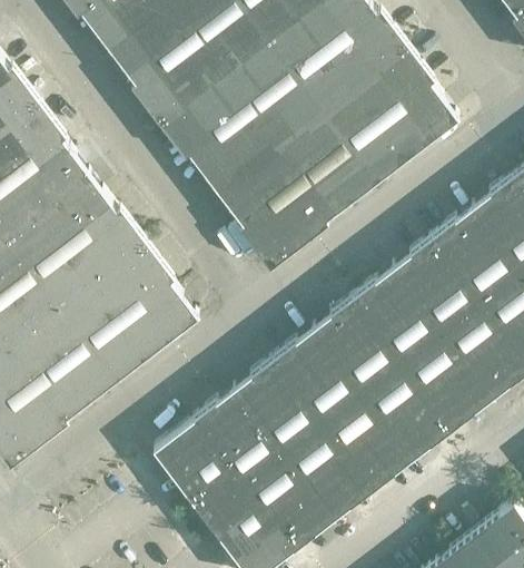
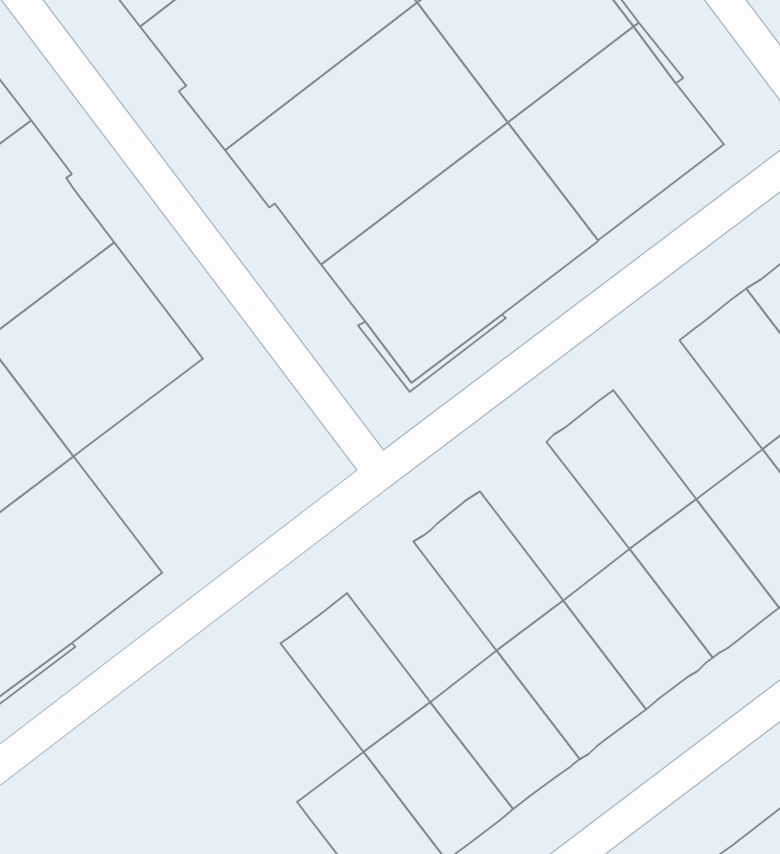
building: [393,237,483,333] -> none
building: [68,248,199,378] -> none
building: [313,298,403,394] -> none
building: [233,359,323,456] -> none
building: [152,420,243,516] -> none

